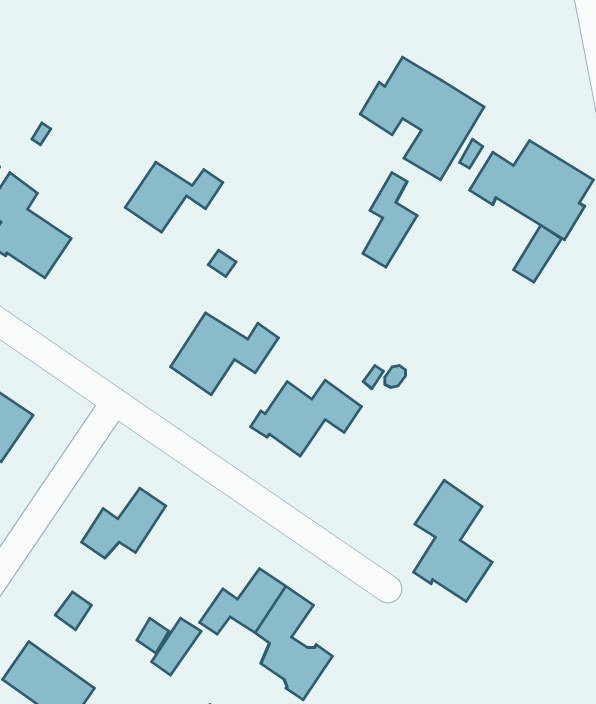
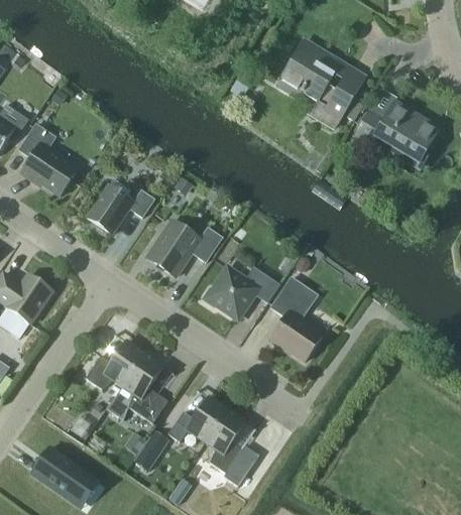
building: [125,162,223,232] -> [87,184,154,233]
building: [363,172,417,267] -> none
building: [514,225,562,282] -> none
building: [414,480,492,601] -> [269,276,324,360]
building: none -> [107,353,168,423]

